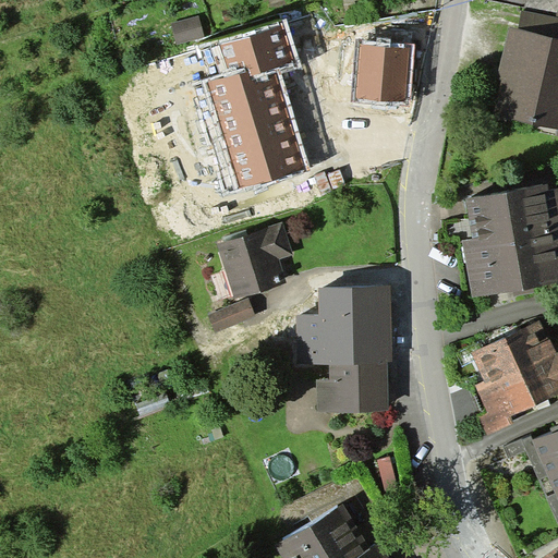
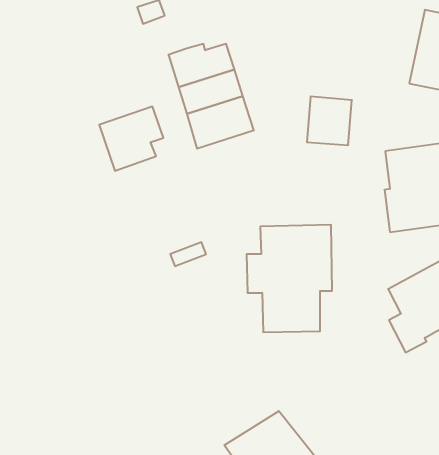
building: [219,25,295,75] -> none
building: [356,46,410,104] -> [307,96,352,145]
building: [217,223,293,300] -> [99,107,163,171]

